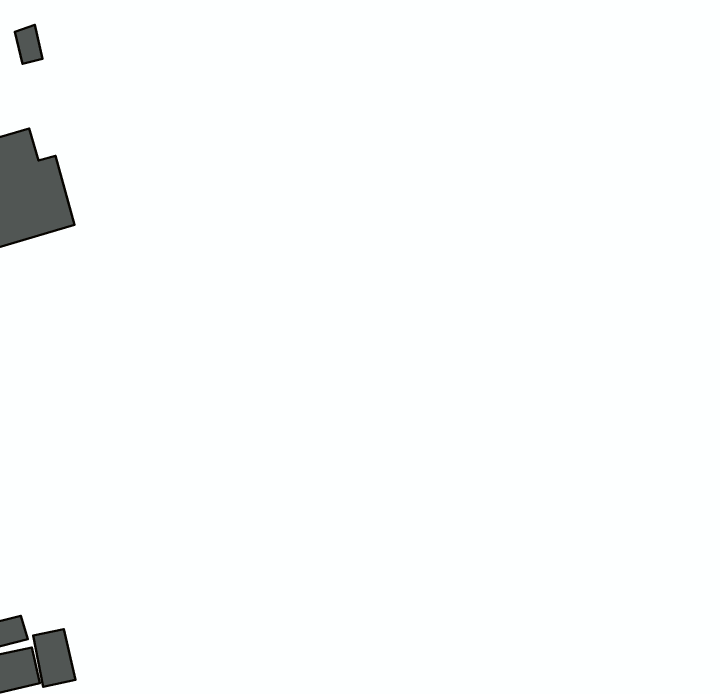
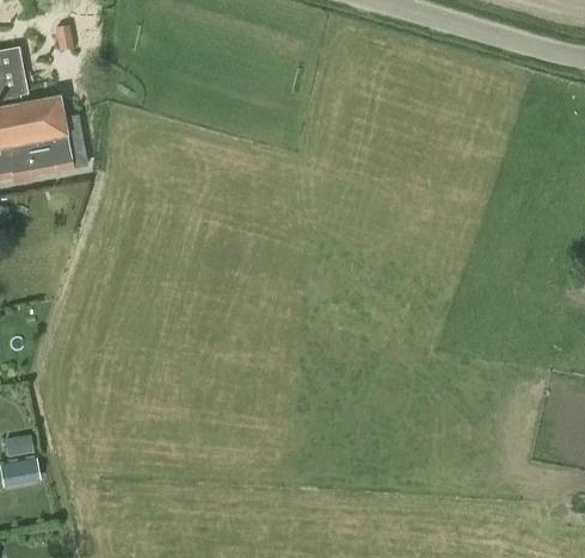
building: [33,629,75,687] -> none

